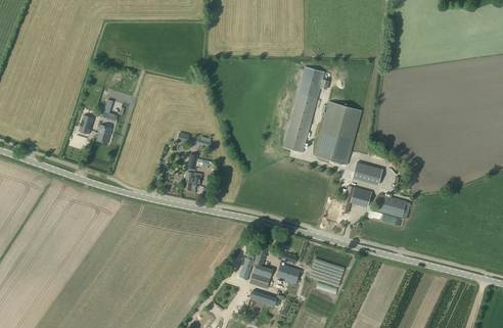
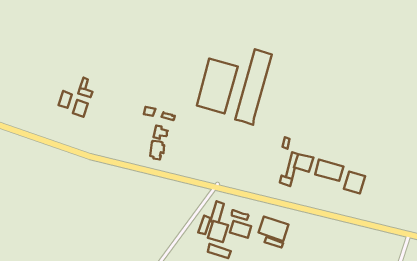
building: [315,101,362,165] -> [197,58,238,114]
building: [353,162,382,186] -> none
building: none -> [344,172,365,193]

